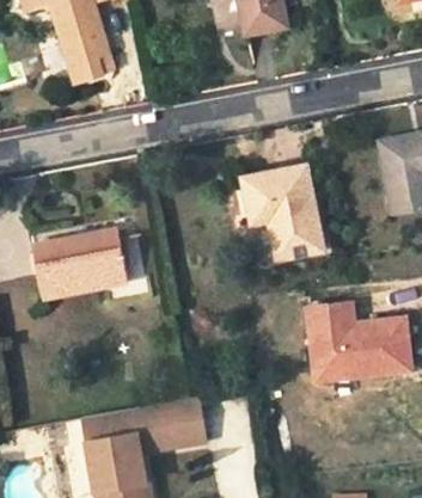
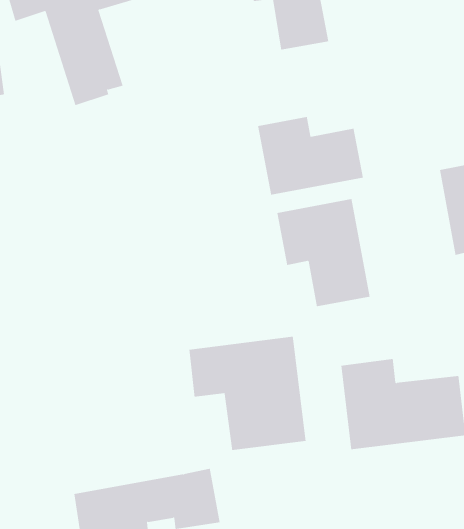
building: none -> [258,116,364,196]
building: [30,235,126,295] -> none
building: none -> [189,336,306,451]

